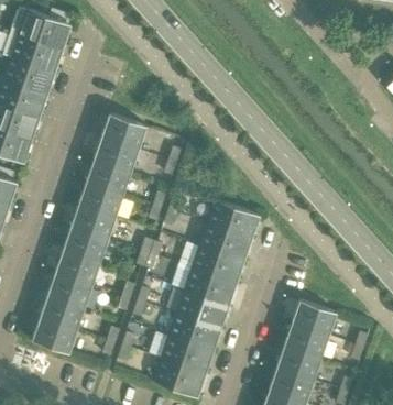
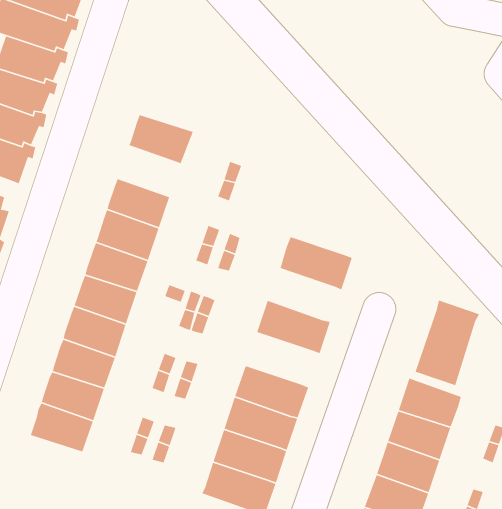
building: [92,136,138,173] -> none
building: [198,223,251,261] -> none
building: none -> [414,300,480,386]
building: [183,269,236,307] -> none

